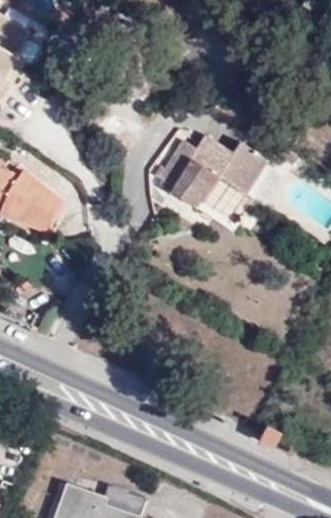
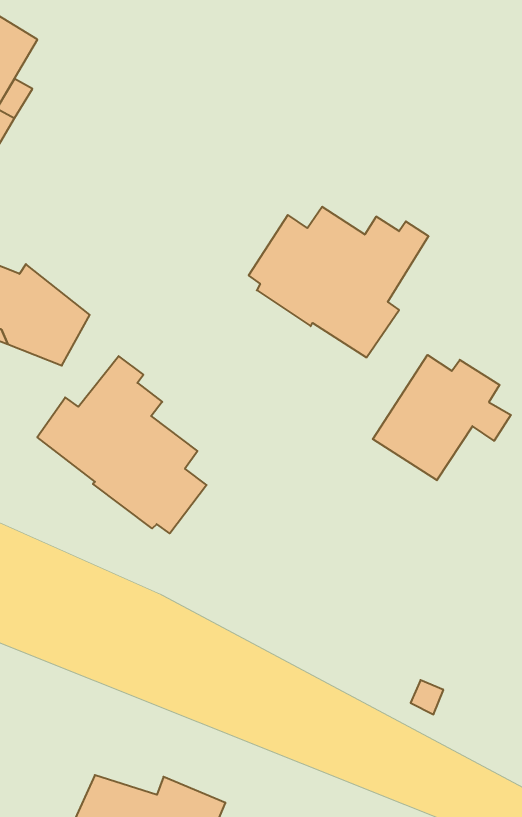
building: none -> [373,355,511,480]
building: none -> [37,356,207,533]

